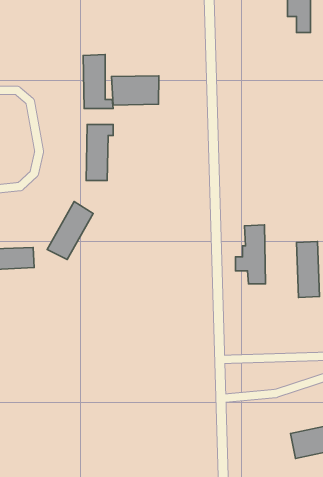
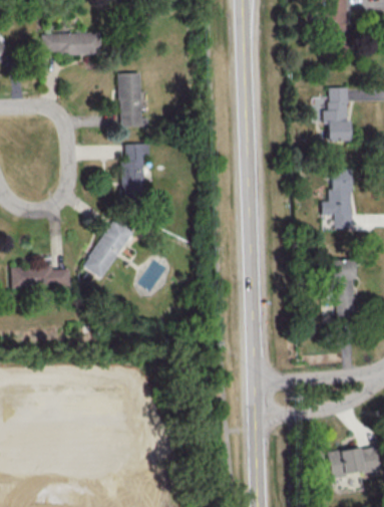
building: none -> [42,32,101,54]
building: none -> [328,89,352,146]
building: [112,76,159,105] -> none
building: [236,225,266,284] -> [322,169,352,228]

